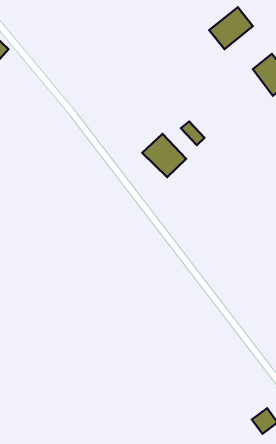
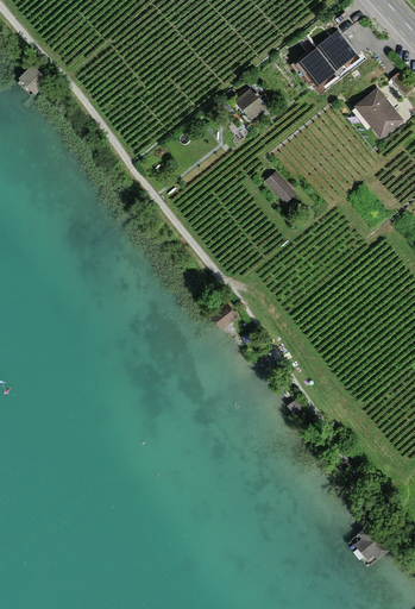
building: none -> [234,88,266,120]
building: [142,134,186,177] -> none

